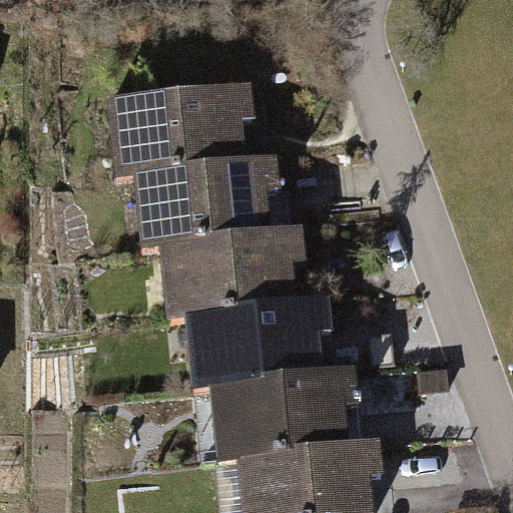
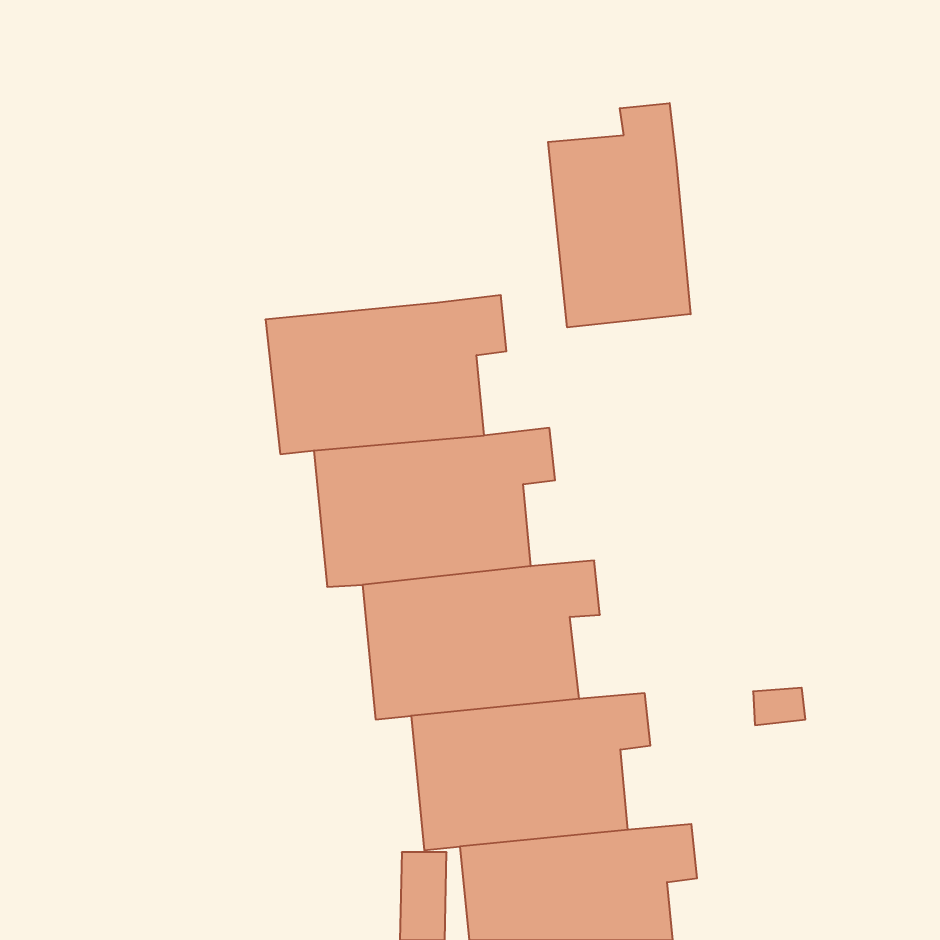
building: none -> [548,103,691,327]
building: [118,87,244,173] -> none

